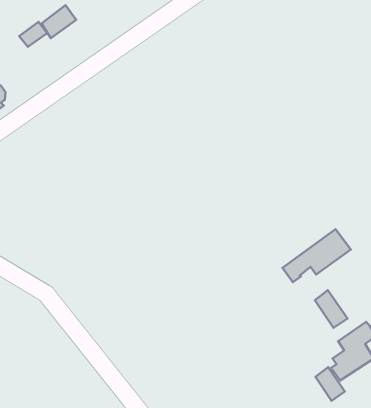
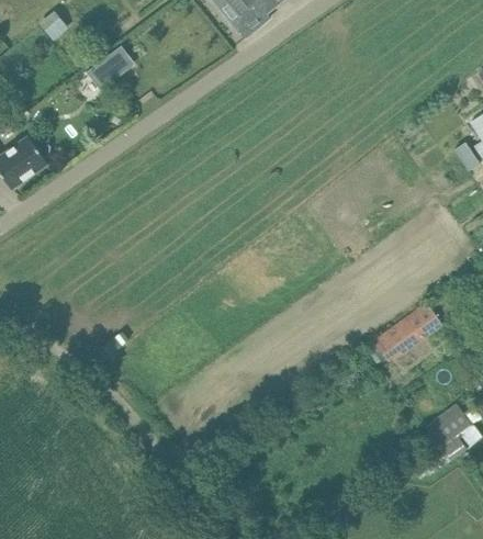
building: [315,290,347,328] -> none
building: [316,367,345,401] -> none

